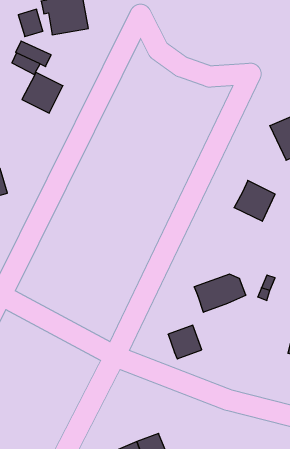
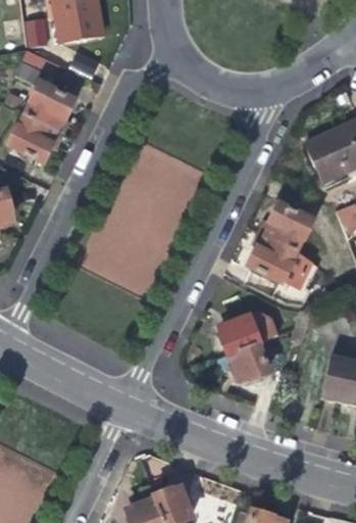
building: none -> [11,112,58,159]
building: none -> [250,234,312,286]
building: [168,325,202,359] -> [231,341,268,379]

